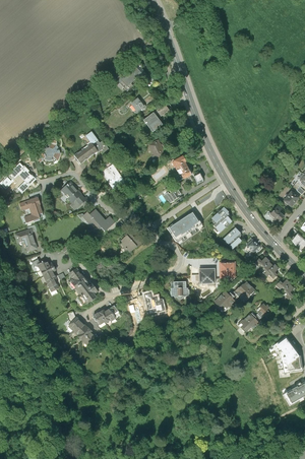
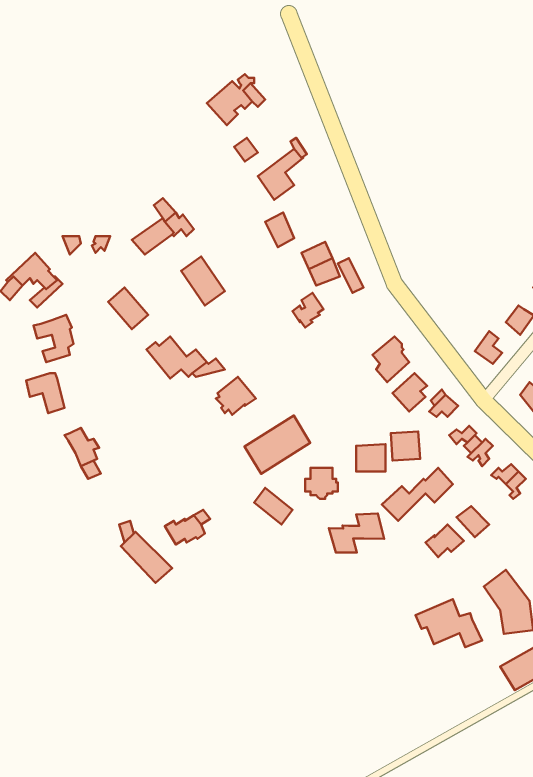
building: [165,211,201,244] -> [245,416,310,474]
building: [70,268,100,304] -> none
building: none -> [329,513,384,553]
building: none -> [416,599,482,647]

